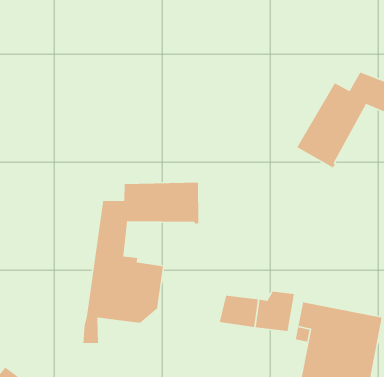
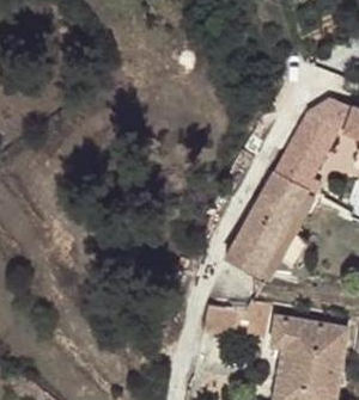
building: none -> [221,168,318,285]
building: [82,182,199,344] -> none

